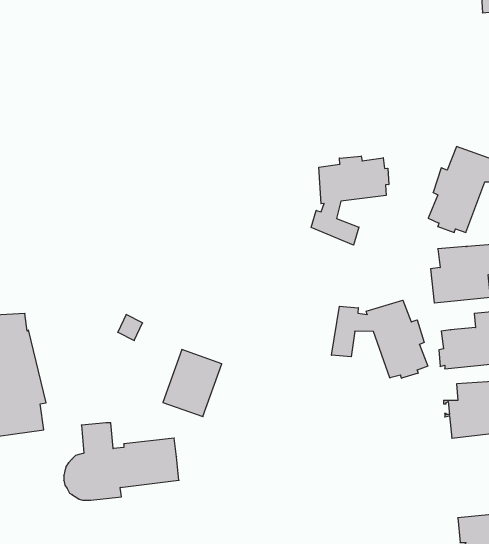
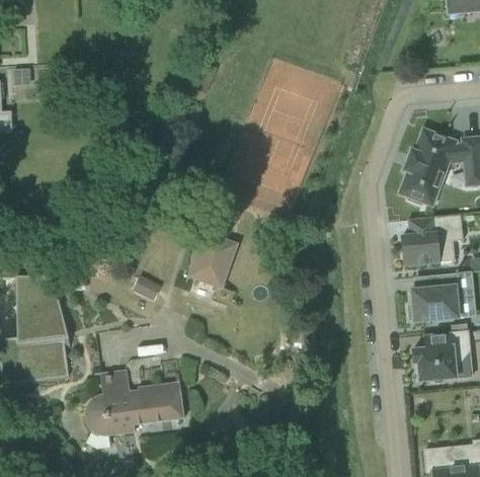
building: [311,156,389,245] -> none
building: [332,300,428,378] -> none
building: [163,350,222,417] -> [187,231,238,289]

